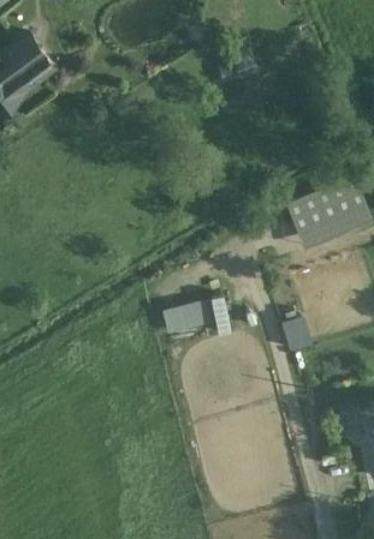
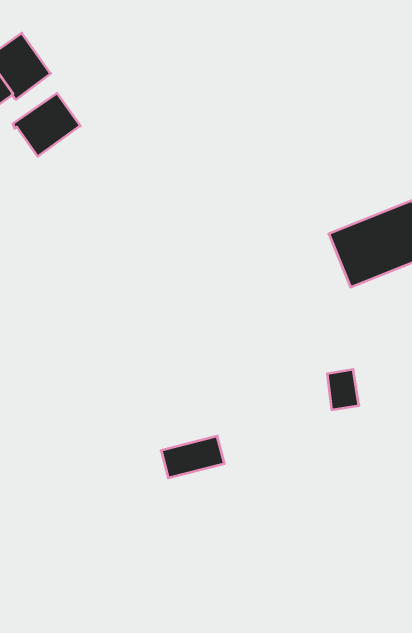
building: none -> [13,93,80,156]
building: [164,300,216,335] -> [161,436,224,478]

